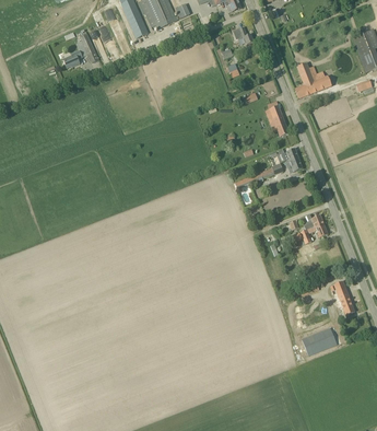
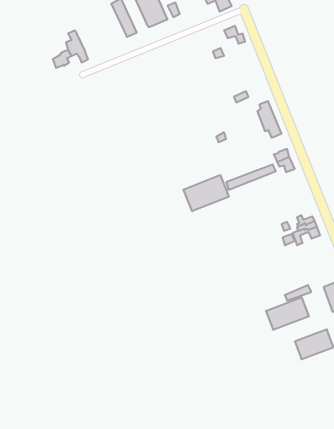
building: [295,62,331,98] -> none
building: none -> [184,175,229,211]
building: none -> [266,297,309,330]

